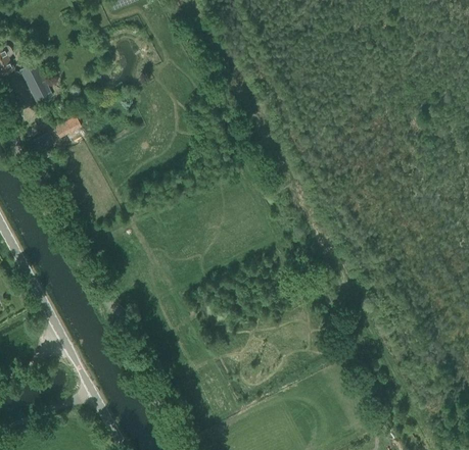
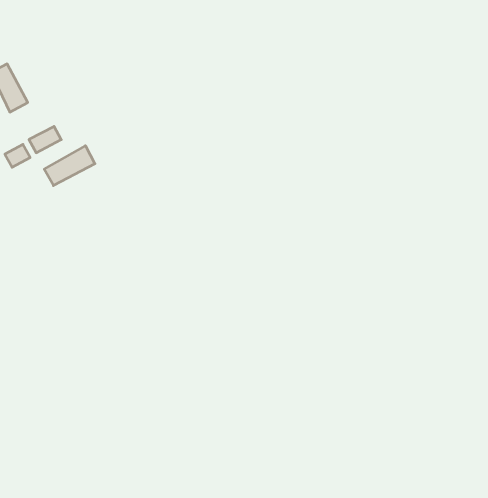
building: none -> [44,146,95,186]

